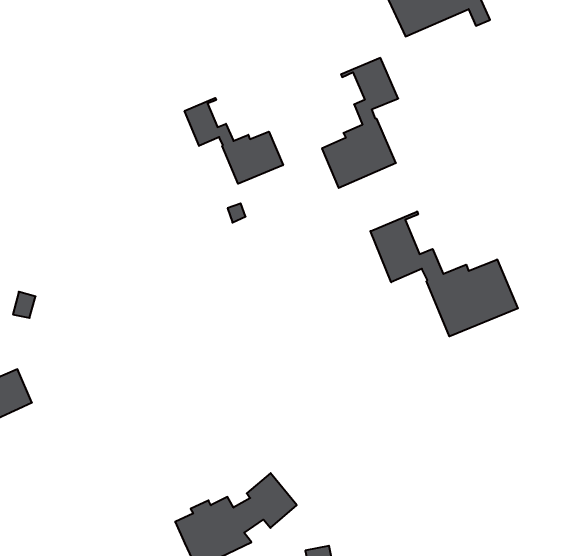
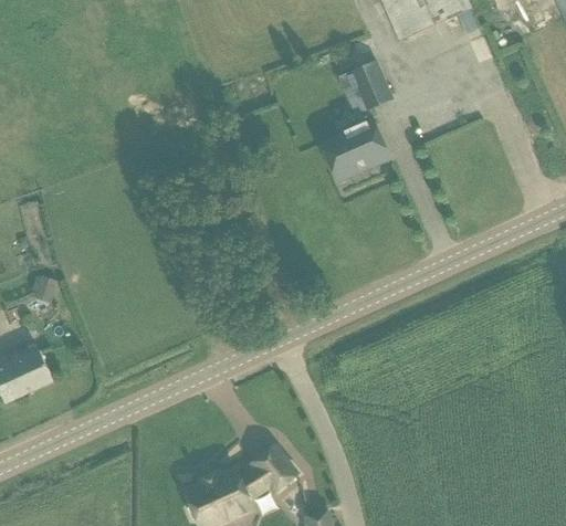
building: [185,98,283,184] -> none
building: [370,211,518,336] -> none

